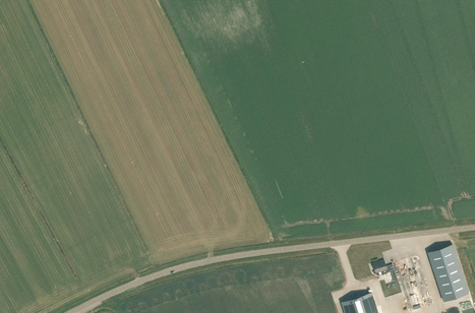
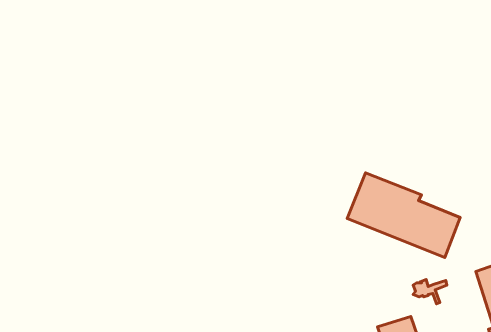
building: none -> [347,173,460,258]

